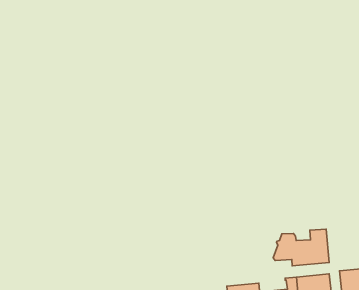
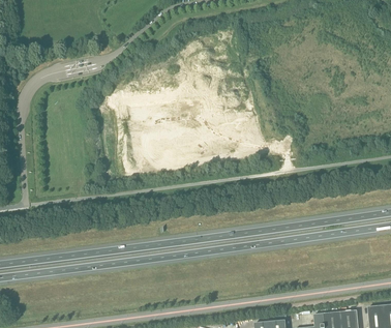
building: [273,229,329,266] -> none

